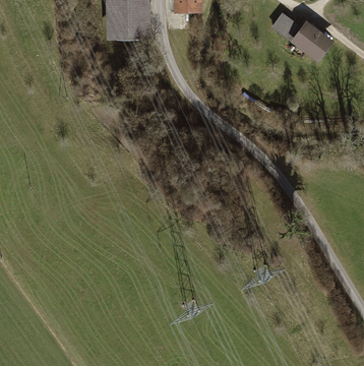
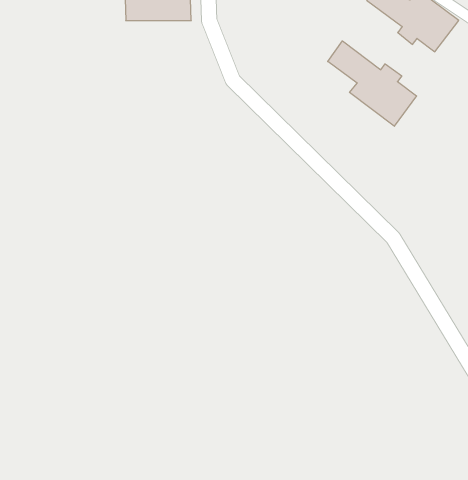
building: none -> [328,41,417,126]

